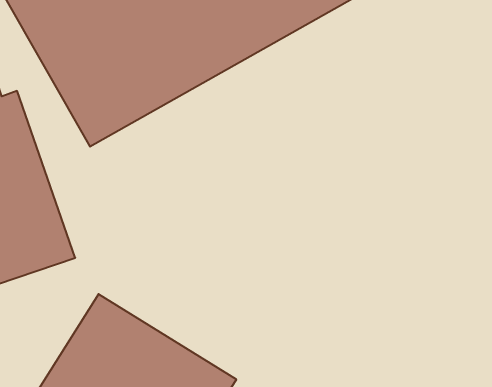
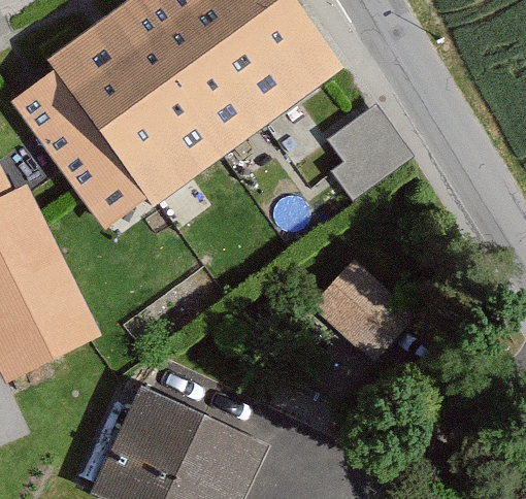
building: none -> [325,100,415,190]
building: none -> [311,252,414,351]

